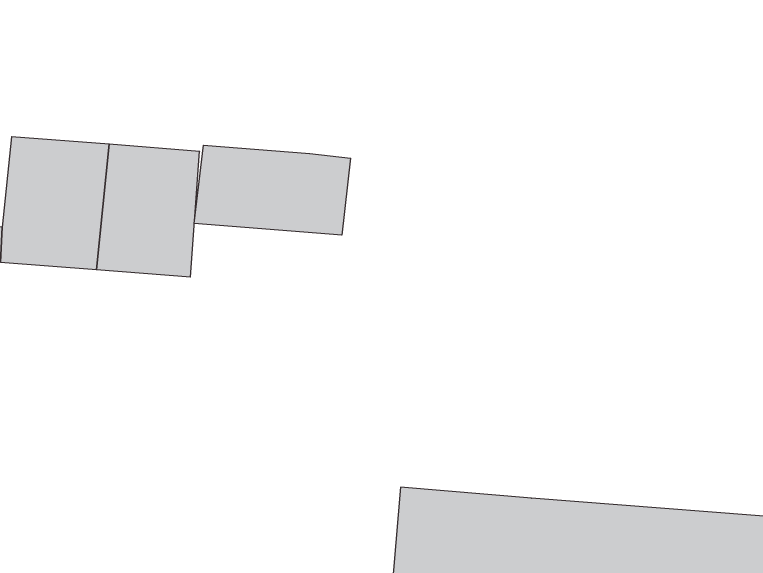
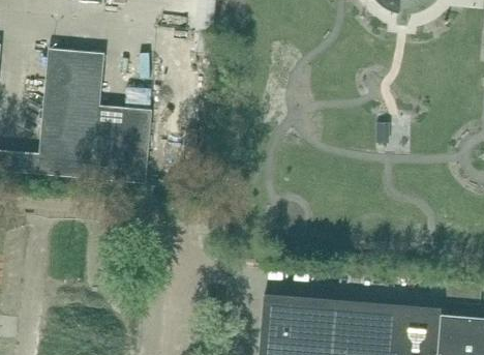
building: none -> [44,50,103,107]
building: [194,145,351,235] -> none

